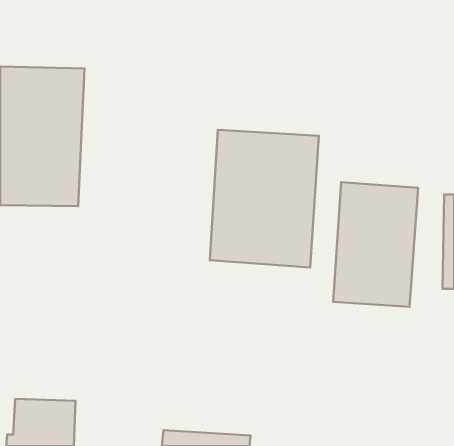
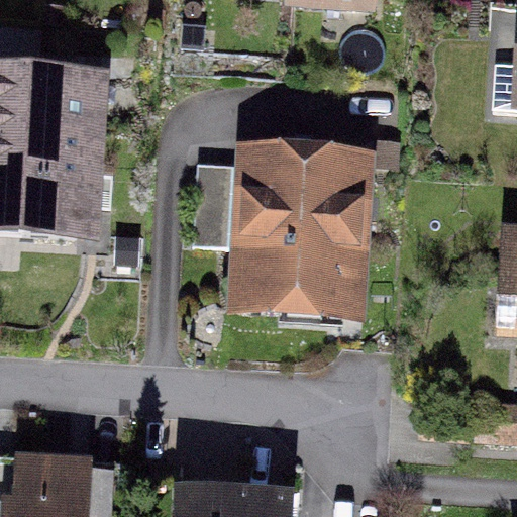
building: [333,182,418,307] -> none

